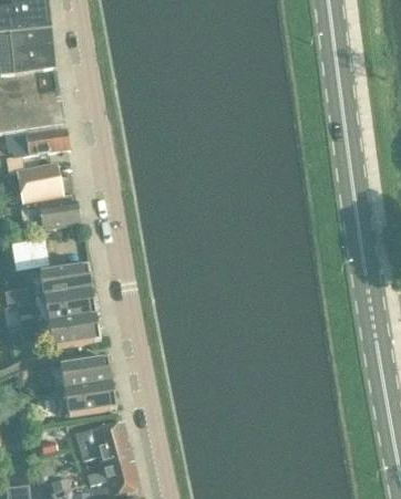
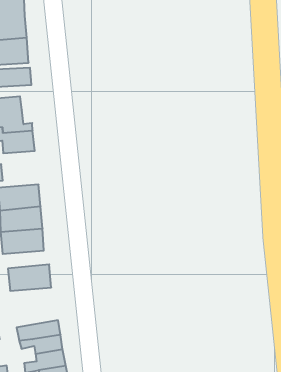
building: [63,382,115,415] -> none

